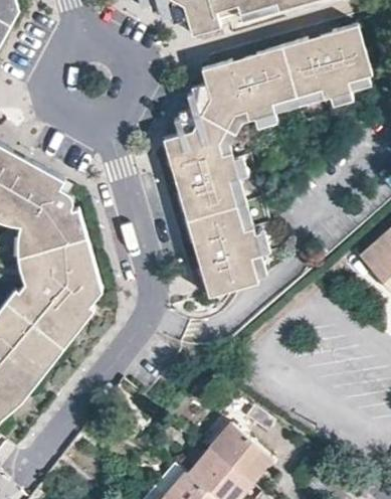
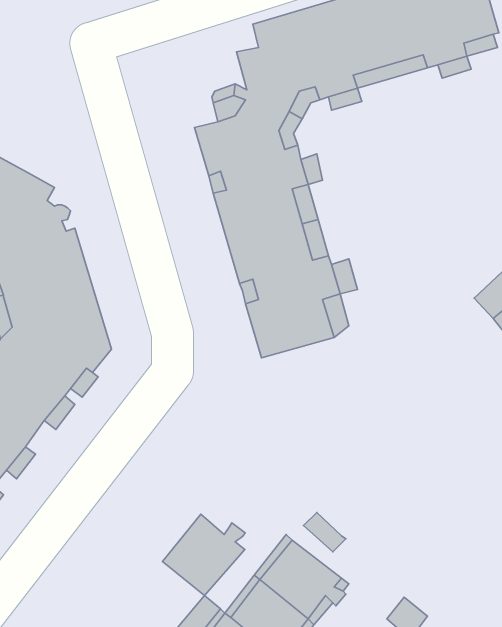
building: none -> [163,514,245,596]

